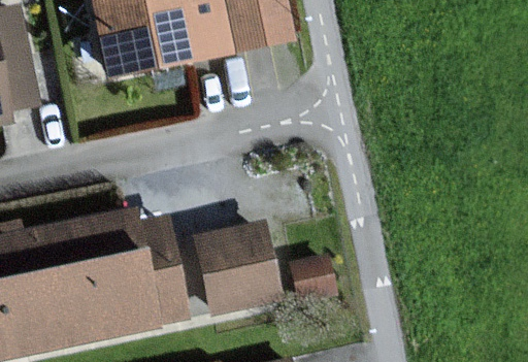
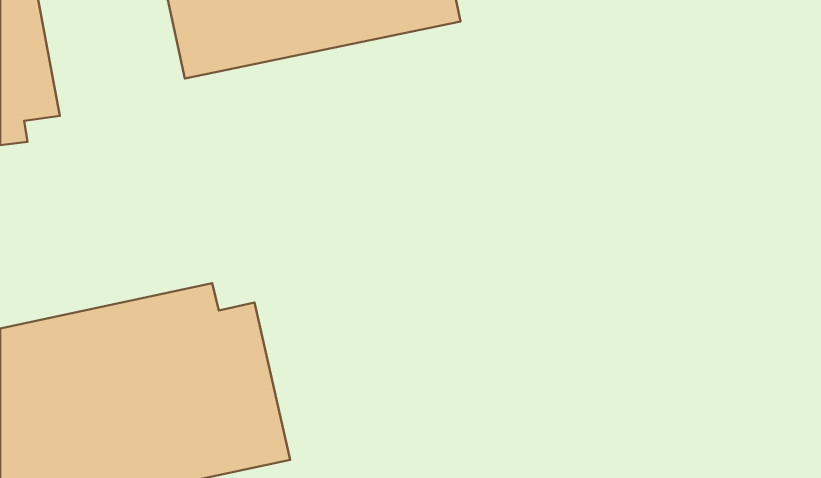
building: [198,220,282,308] -> none

